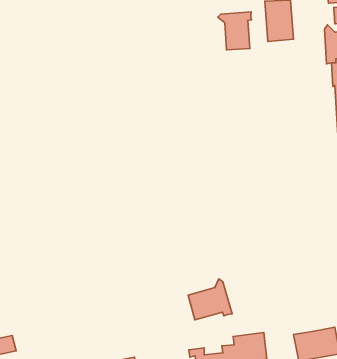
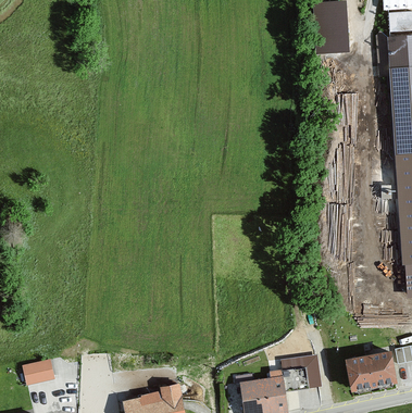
building: [218,12,251,50] -> none
building: [188,279,232,320] -> none

